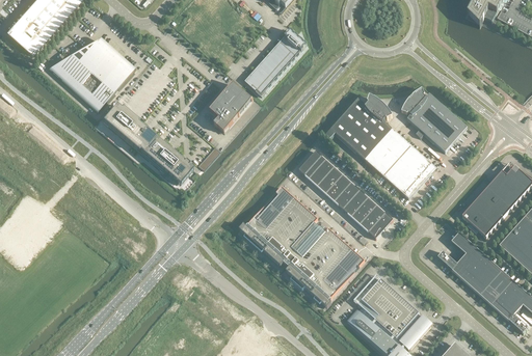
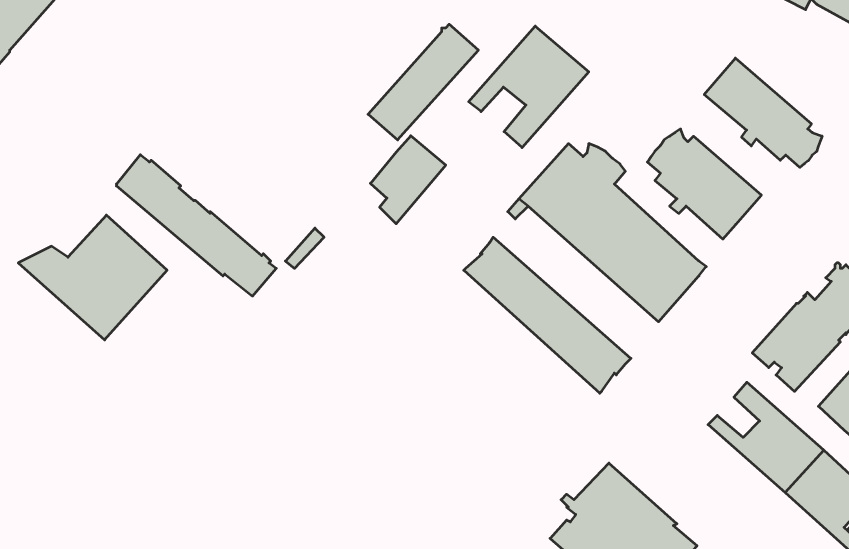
building: none -> [469,26,589,148]
building: [49,39,133,110] -> [18,215,167,340]
building: none -> [704,58,822,167]
building: [209,82,251,132] -> [370,136,446,224]
building: [242,197,354,303] -> none

